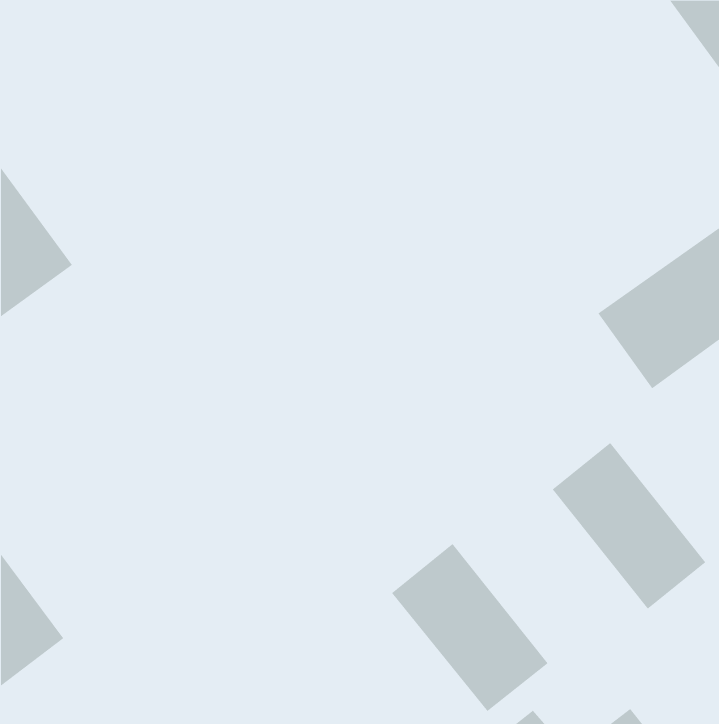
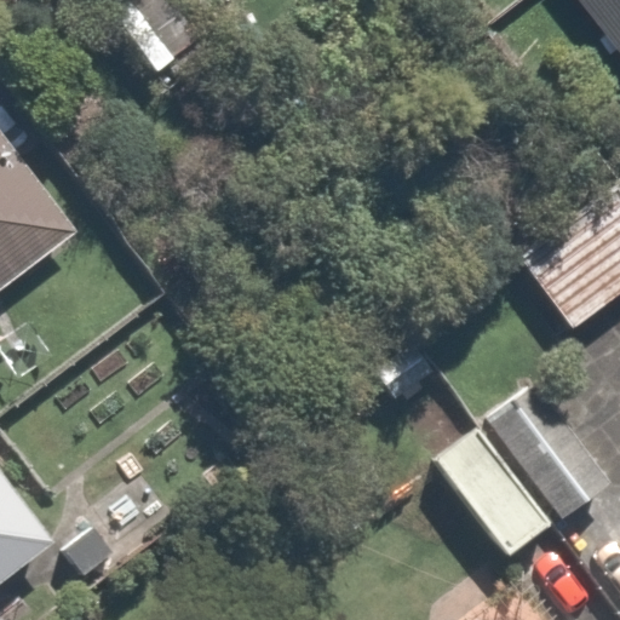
building: [391,543,549,712] -> [425,420,558,563]

